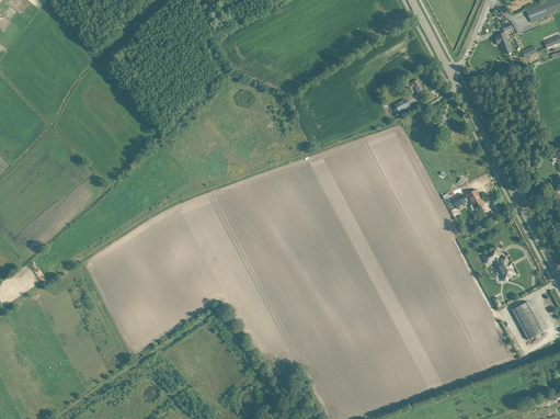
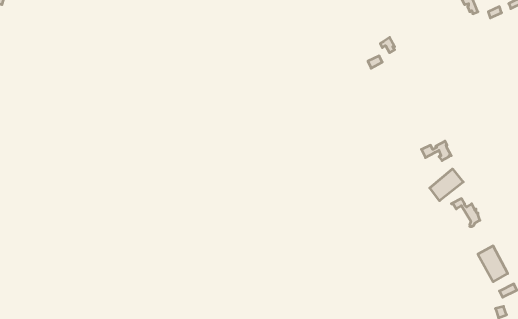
building: none -> [430,169,463,201]

